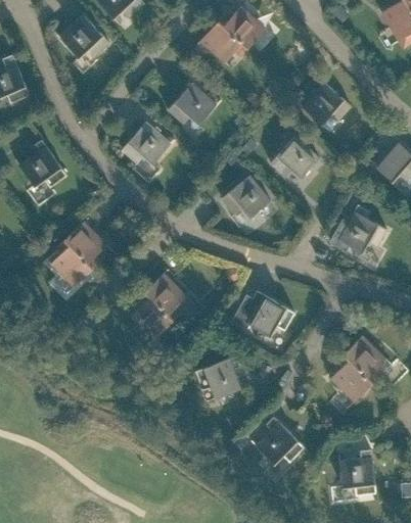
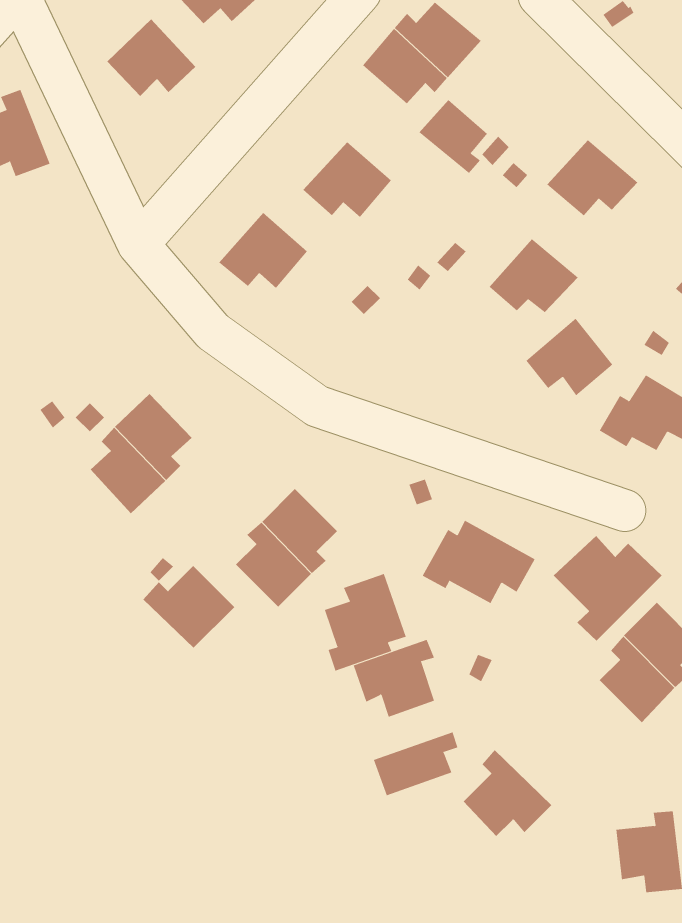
building: none -> [419,99,488,174]
building: [19,140,67,188] -> none
building: [222,176,270,219] -> [525,318,613,396]
building: none -> [553,535,662,641]
building: none -> [142,565,235,649]
building: none -> [324,573,407,671]
building: none -> [373,732,458,796]

